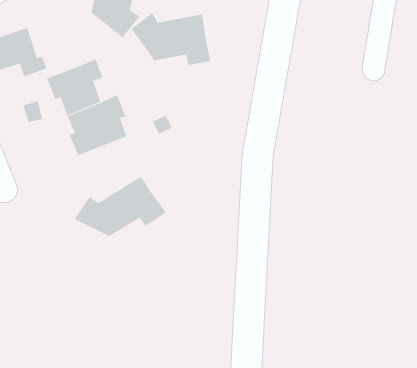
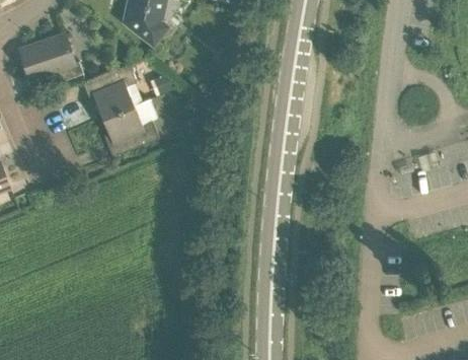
building: [131,12,211,66] -> none
building: [74,176,167,237] -> none

